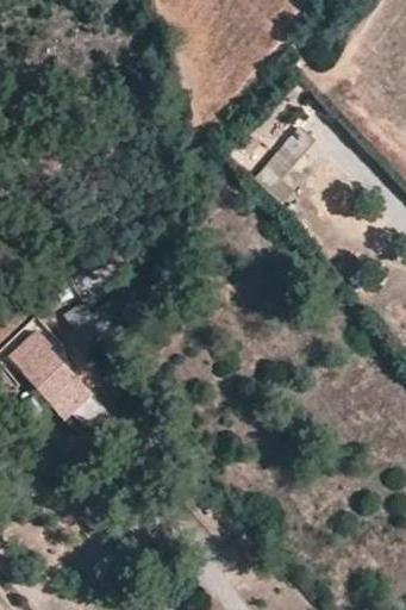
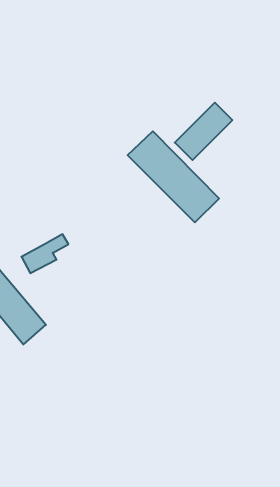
building: none -> [128,131,219,222]

